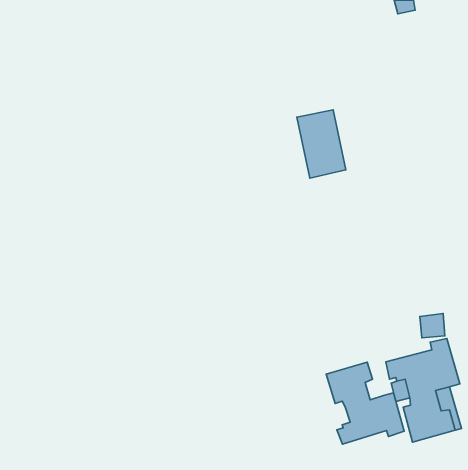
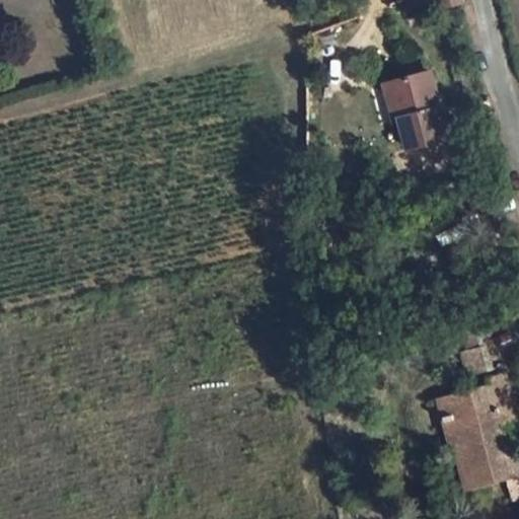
building: [297,110,346,178] -> [390,84,444,159]
building: [326,362,404,444] -> none

